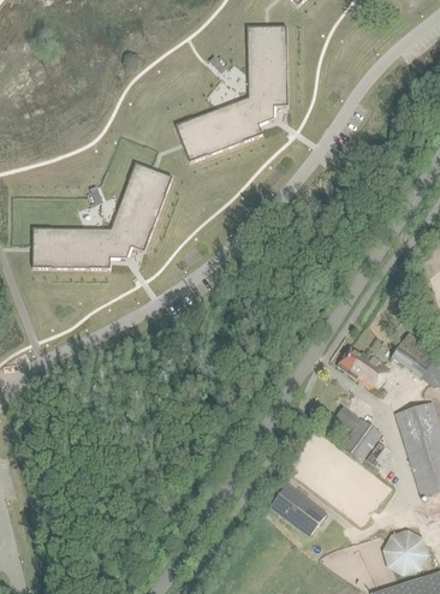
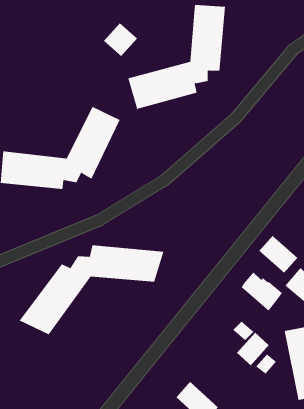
building: none -> [103,22,138,57]
building: none -> [259,235,298,273]
building: none -> [19,244,164,335]

